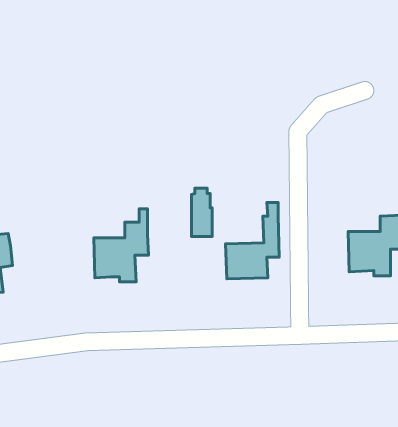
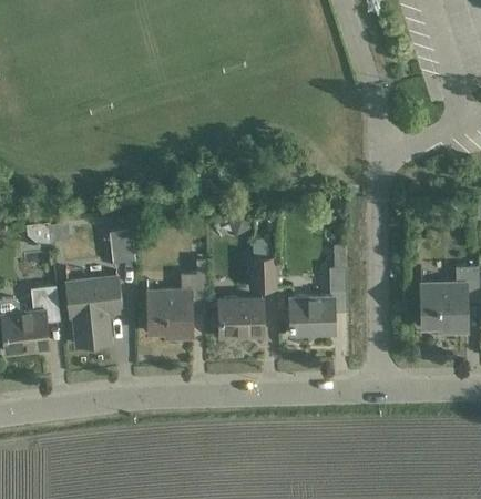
building: none -> [110,230,135,263]
building: none -> [66,277,121,346]
building: none -> [218,298,263,337]

